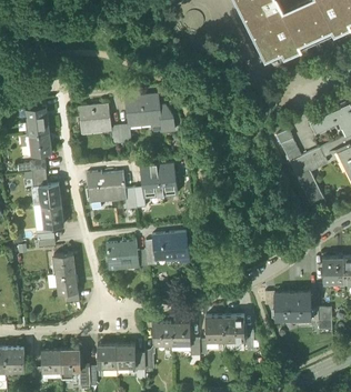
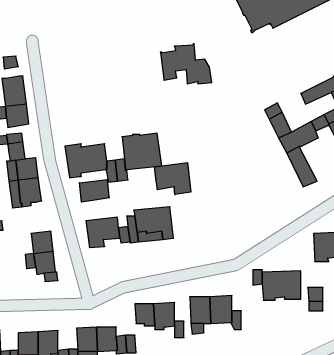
building: [126,92,174,130] -> [160,44,212,84]
building: [78,103,111,133] -> none
building: none -> [154,163,191,195]
building: none -> [79,180,109,202]

